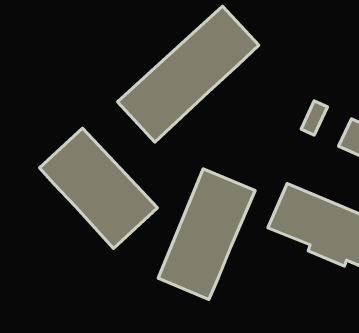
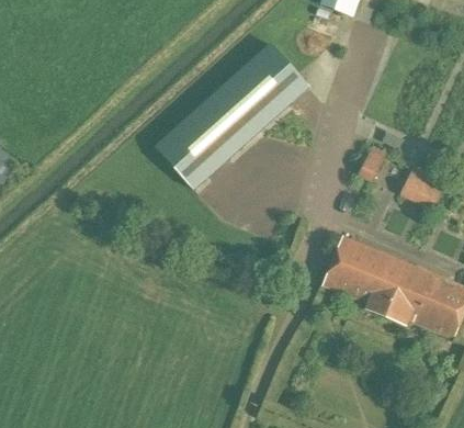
building: [40,128,157,248] -> none
building: [158,169,255,299] -> none

